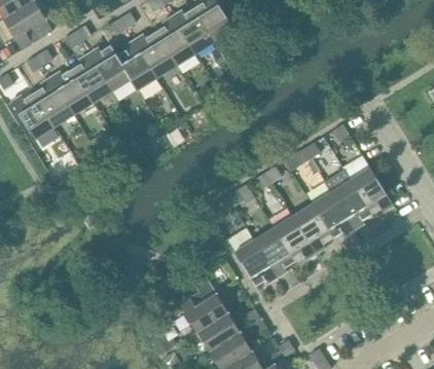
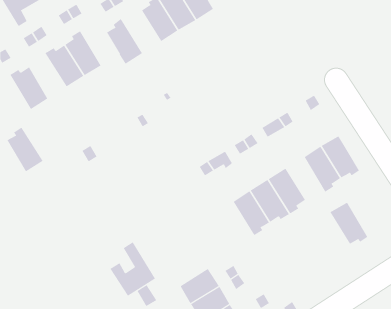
building: [133,32,176,78] -> none
building: [88,44,131,91] -> none
building: [33,78,73,127] -> [7,127,44,172]
building: [312,191,354,237] -> [330,202,368,245]
building: [233,239,277,286] -> none
building: [177,271,227,331] -> [109,242,156,296]

